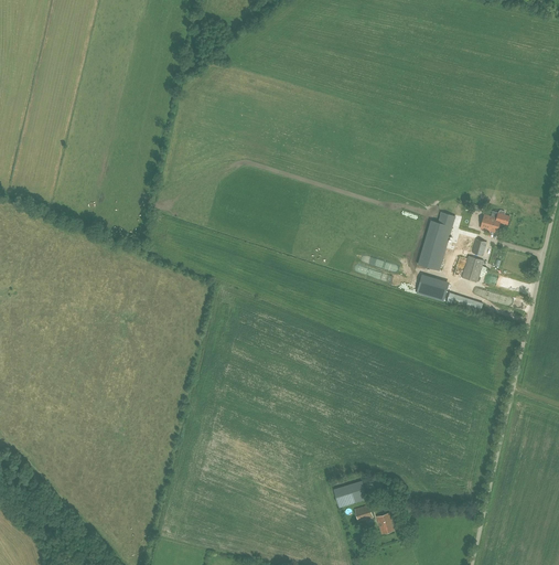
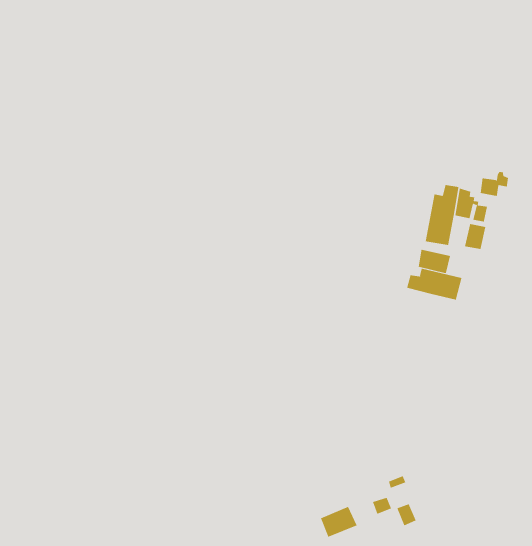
building: none -> [407,268,462,300]
building: [332,479,366,507] -> [320,506,357,537]

